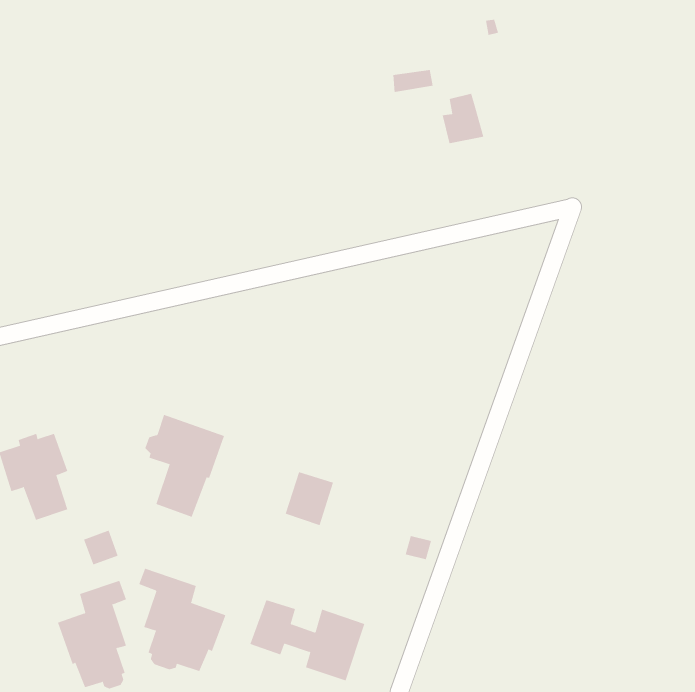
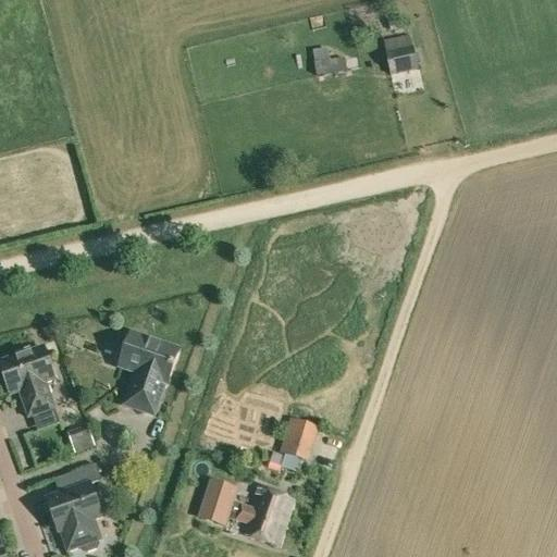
building: [442,93,484,144] -> [384,33,418,73]
building: [285,471,334,526] -> [278,417,318,460]
building: [139,568,226,672] -> none

